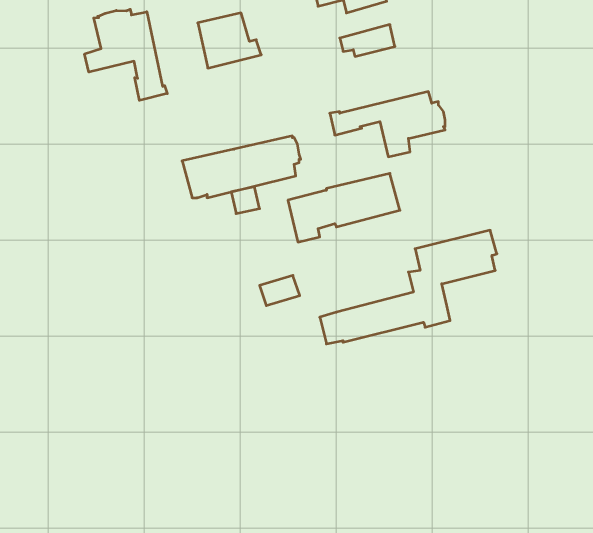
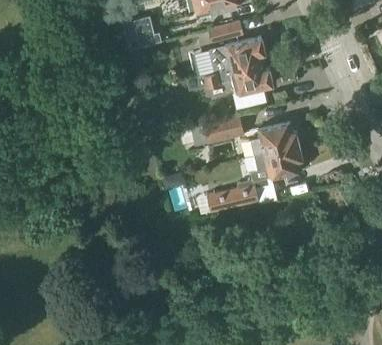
building: [85,9,167,100] -> none
building: [182,136,301,198] -> [195,39,266,76]
building: none -> [251,123,300,157]

